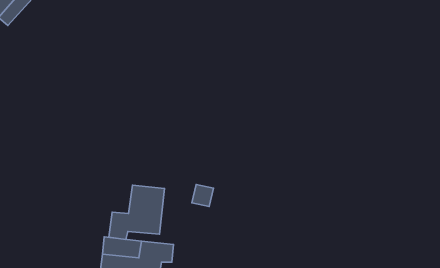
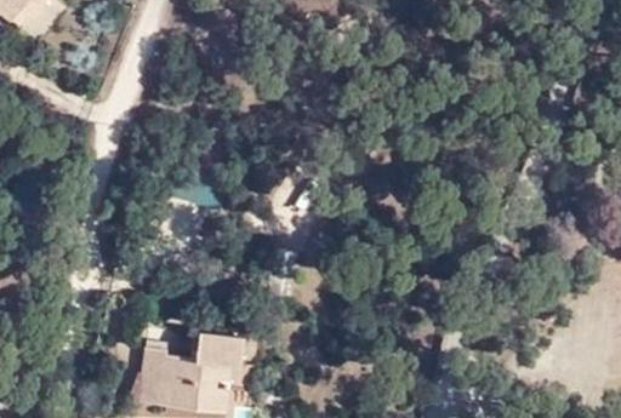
building: [109,185,165,239] -> none

